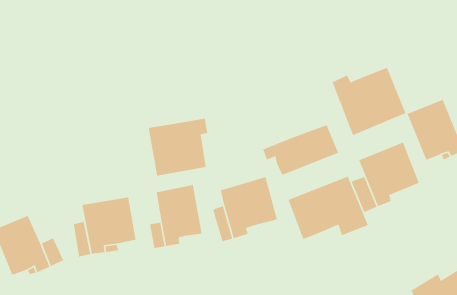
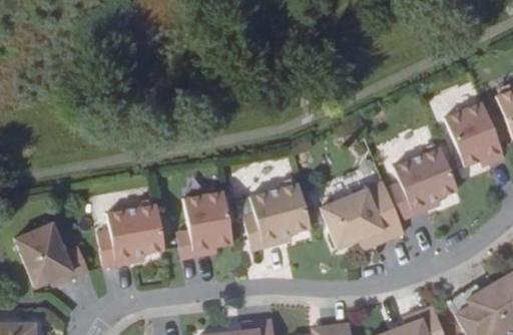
building: [331,67,406,136] -> none
building: [148,118,208,177] -> none
building: [262,124,339,176] -> none

